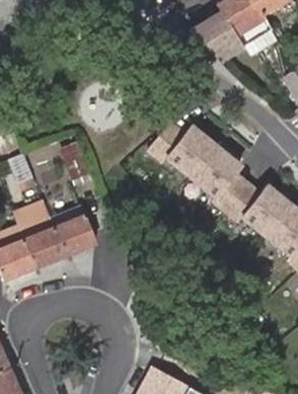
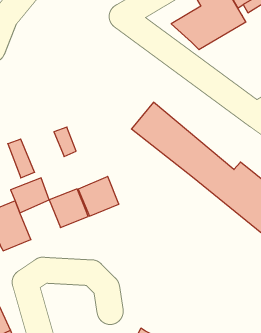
building: [23,225,68,268] -> [78,176,119,216]

